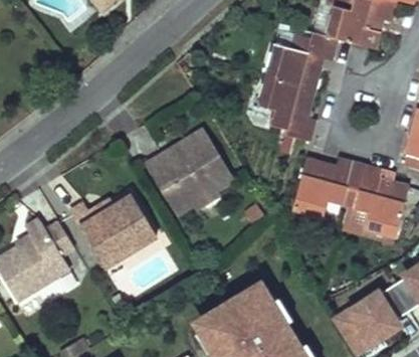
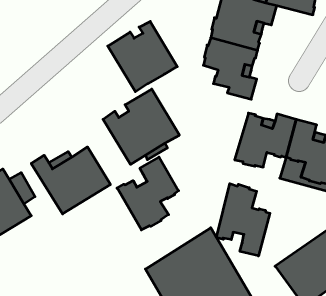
building: none -> [108,21,177,92]
building: none -> [117,157,179,230]
building: none -> [216,184,270,256]

